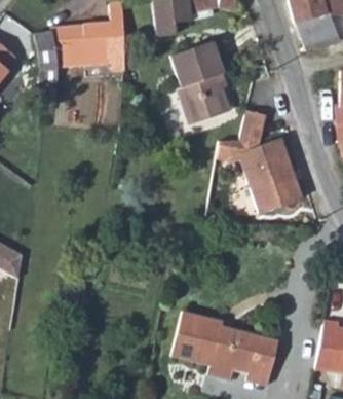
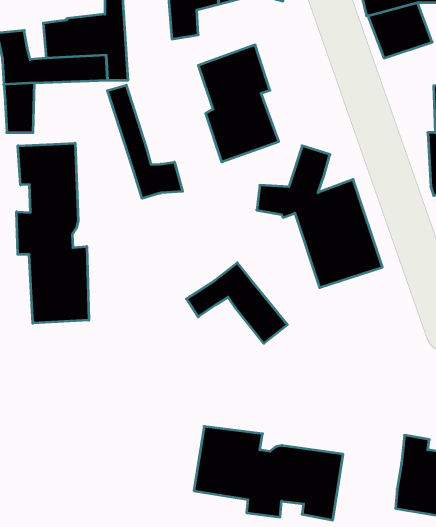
building: none -> [107,85,183,198]
building: none -> [17,143,89,323]
building: none -> [186,263,287,343]

